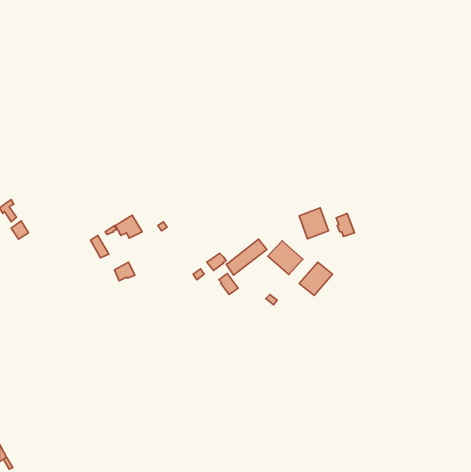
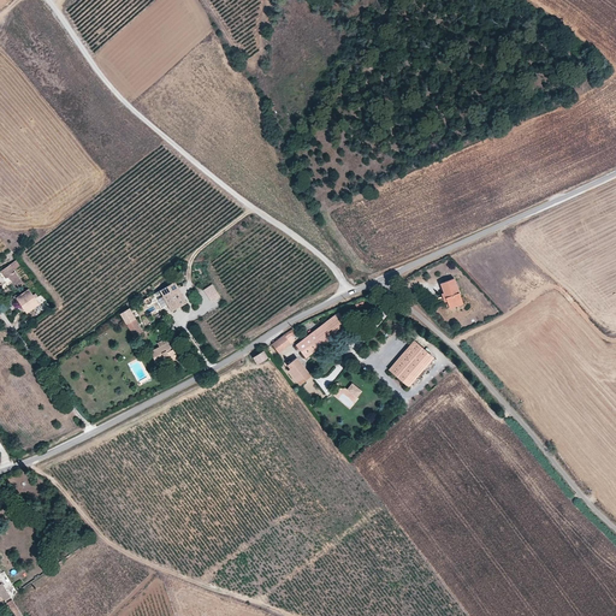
building: [299,208,328,239] -> none
building: [268,241,303,274] -> none

